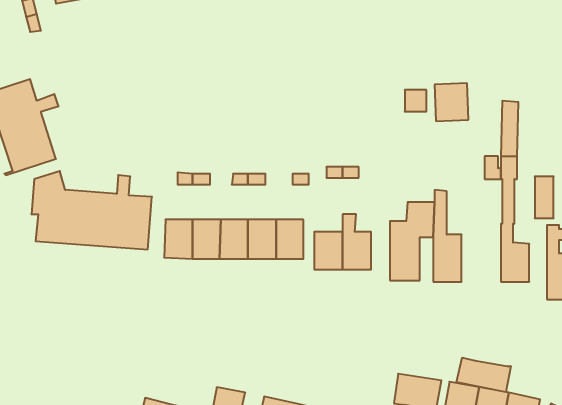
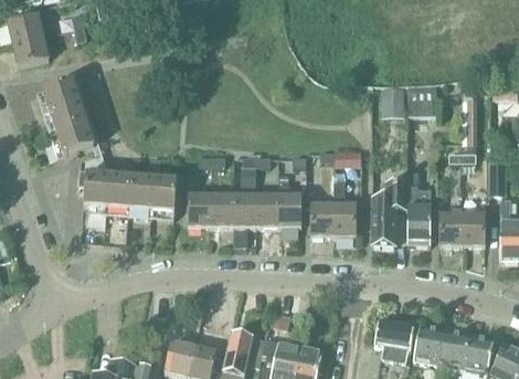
building: none -> [438,204,462,244]
building: [456,358,511,392] -> none

